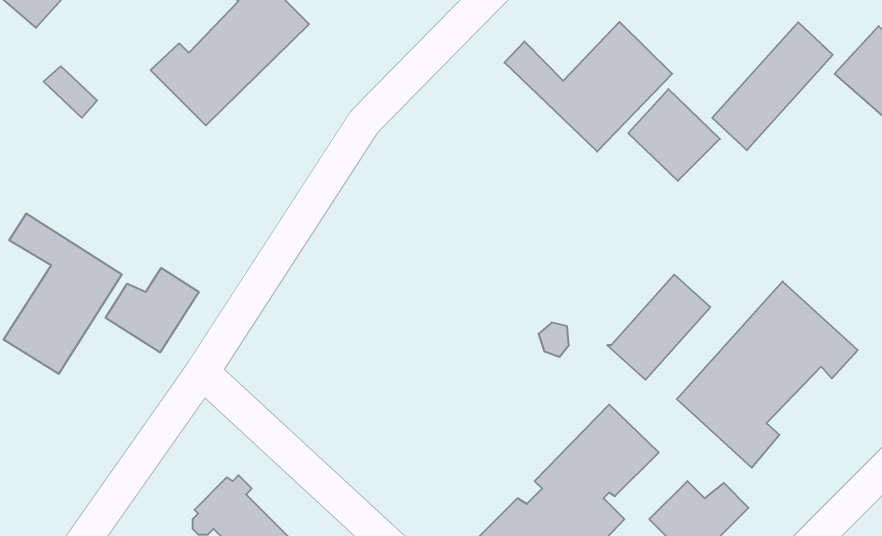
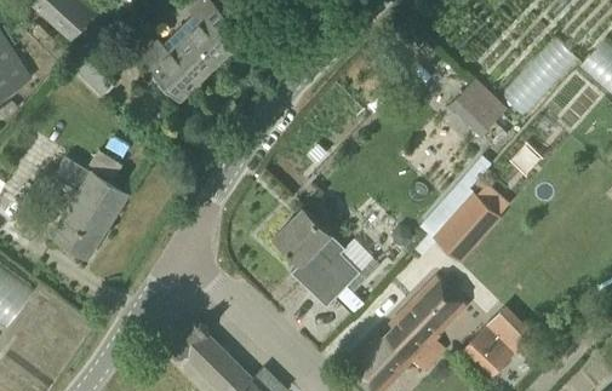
building: [504,22,672,152] -> none
building: [106,268,199,353] -> none
building: [677,281,858,468] -> none
building: none -> [275,208,360,307]

